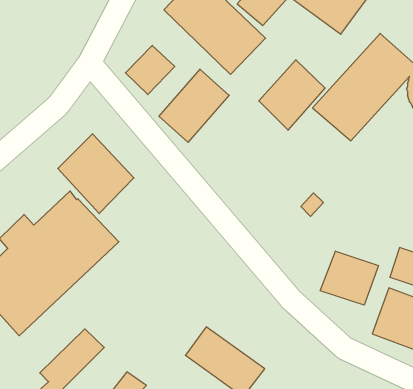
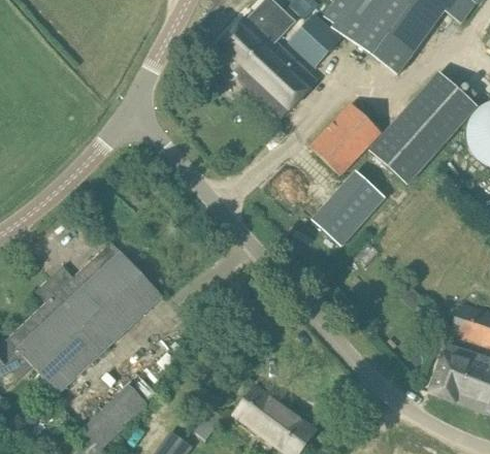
building: [125,45,175,95] -> none
building: [159,69,229,142] -> [311,169,385,247]
building: [58,134,134,214] -> none
building: [320,251,378,305] -> none

